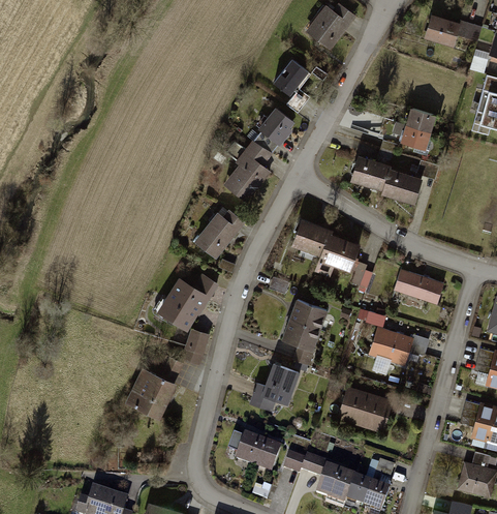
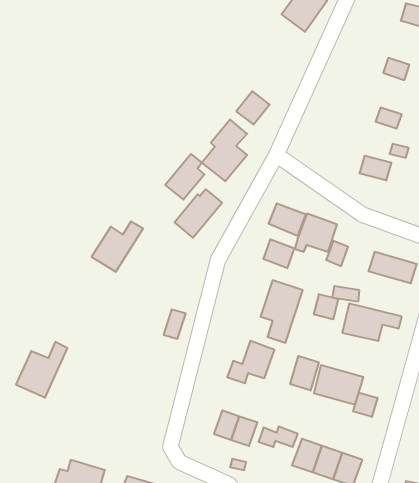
building: [275,60,308,93] -> none
building: [407,109,434,131] -> [383,58,409,80]
building: [352,161,385,188] -> none
building: none -> [165,154,204,200]
building: none -> [263,239,294,268]
building: [161,275,214,327] -> [92,221,143,272]
building: none -> [314,294,338,319]
building: [127,357,180,414] -> [16,342,67,398]
building: none -> [290,356,319,391]
building: none -> [353,392,377,417]

